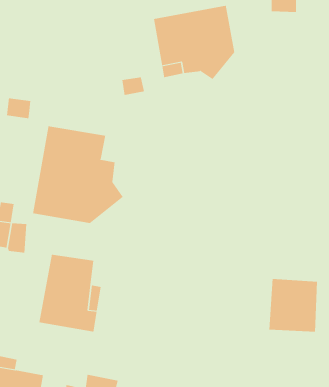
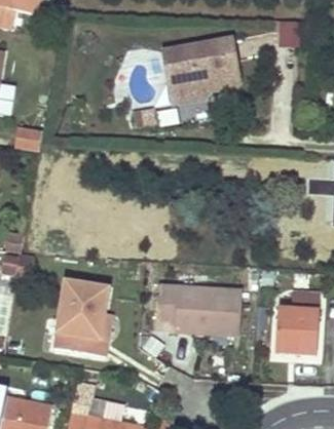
building: [32,125,123,224] -> none
building: none -> [157,284,242,335]

